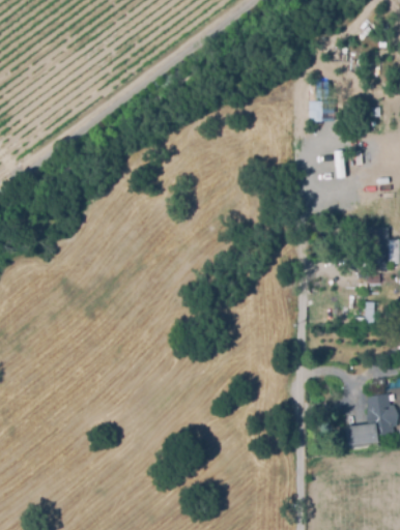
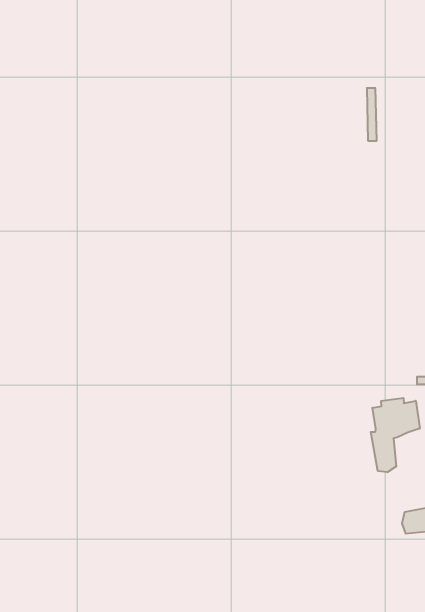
building: none -> [371,398,420,472]

